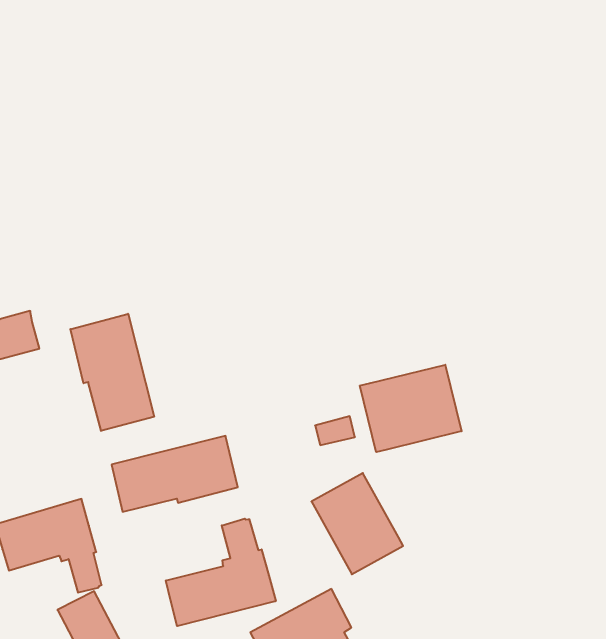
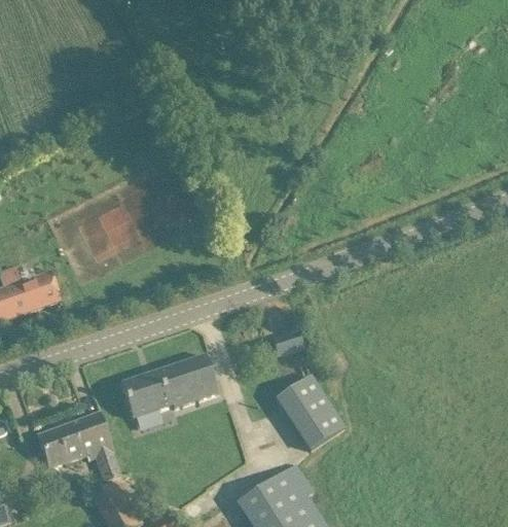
building: [70,314,154,431] -> none
building: [360,365,462,452] -> none
building: [166,519,276,626] -> none

